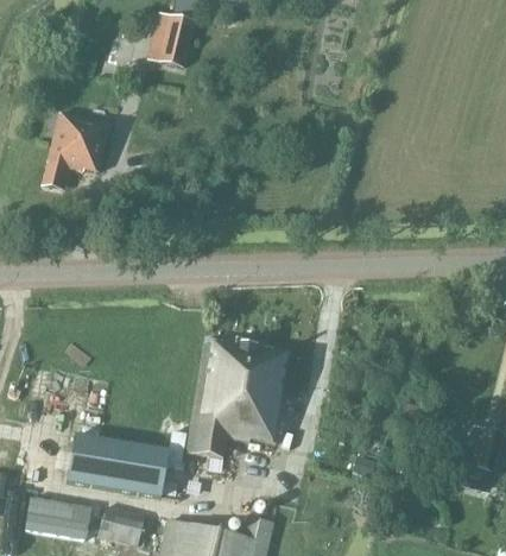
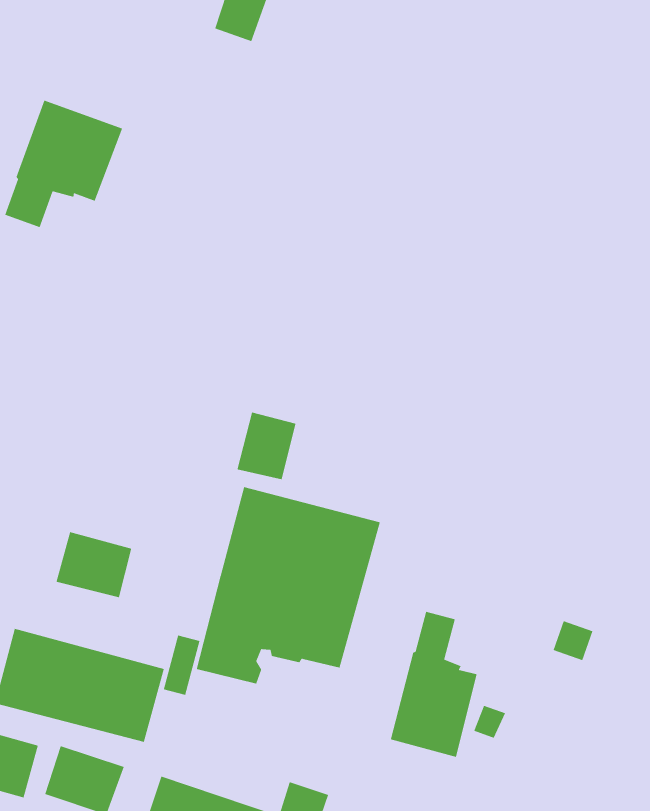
building: none -> [236,411,296,480]
building: none -> [56,531,132,598]
building: none -> [390,611,478,758]

